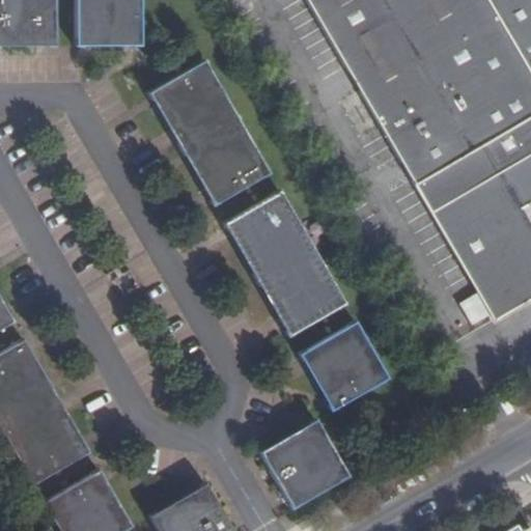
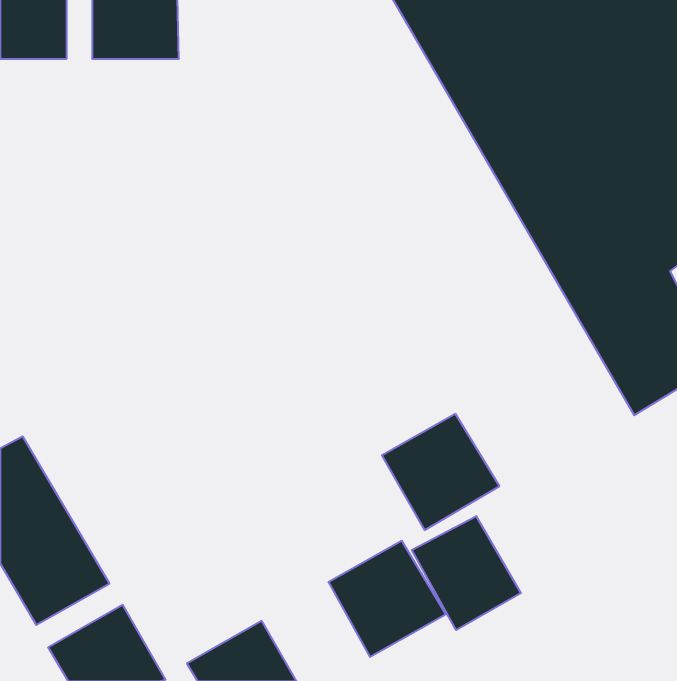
building: [148,61,273,208] -> none
building: [224,190,348,337] -> none
building: none -> [412,516,521,630]

